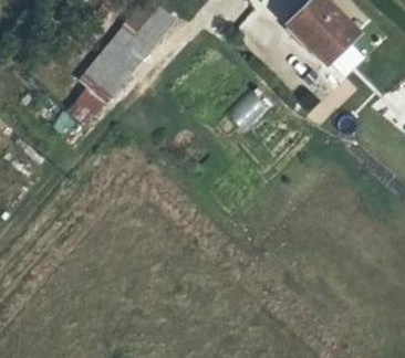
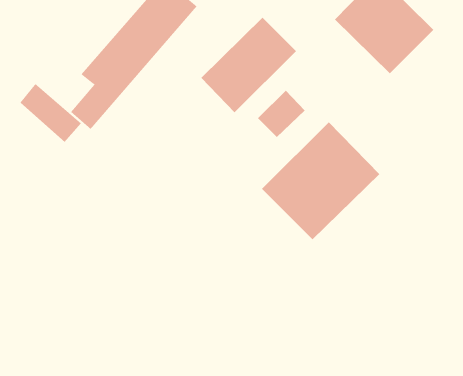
building: none -> [201,17,297,113]
building: none -> [261,121,380,240]

